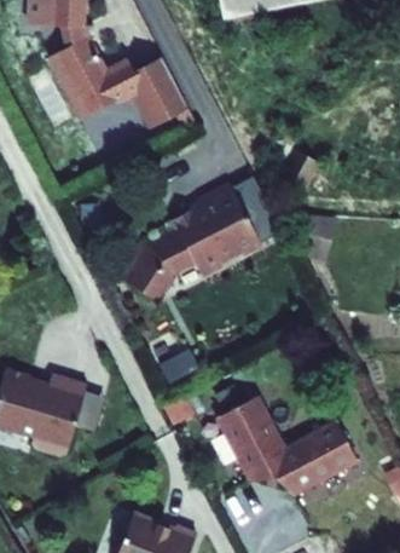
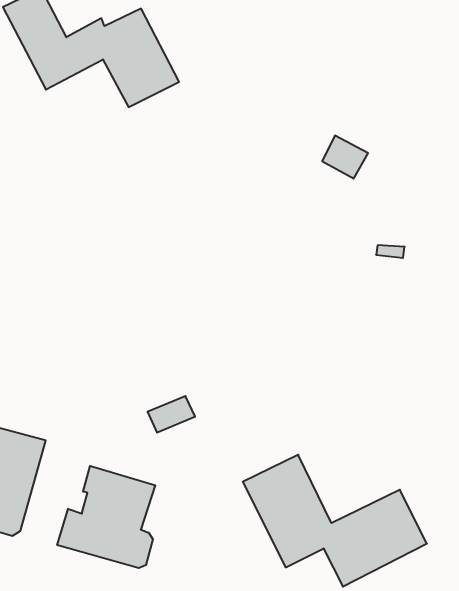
building: [128,178,262,290] -> none
building: none -> [57,466,155,568]

